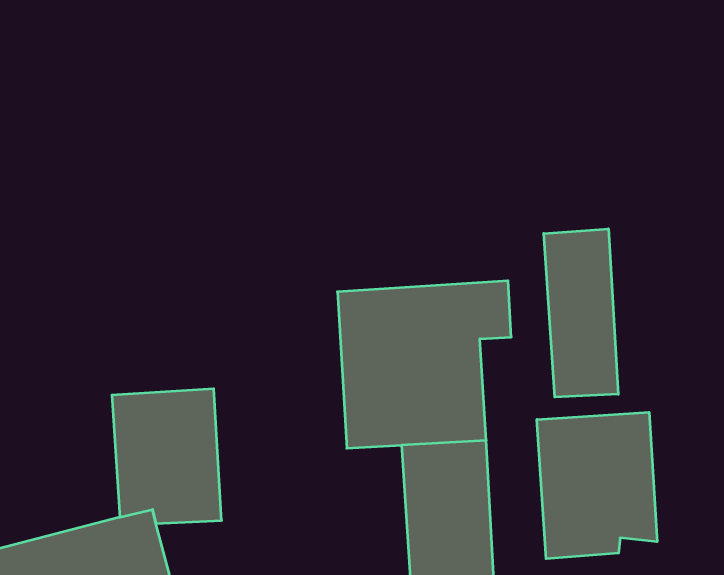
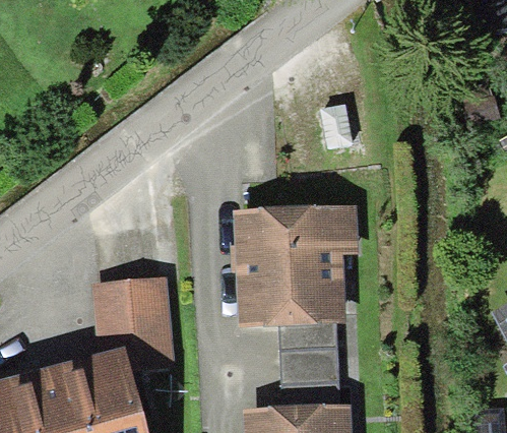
building: [544,229,618,397] -> none
building: [537,412,657,559] -> none

